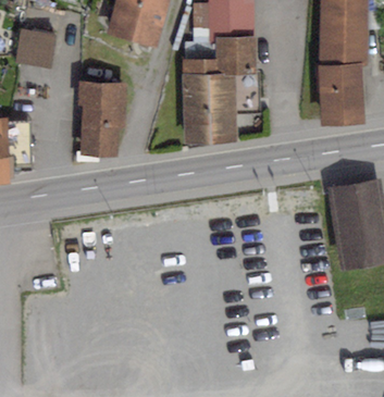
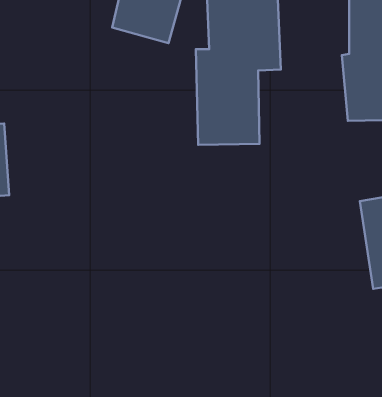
building: [14,28,55,65] -> none
building: [77,78,126,156] -> none

